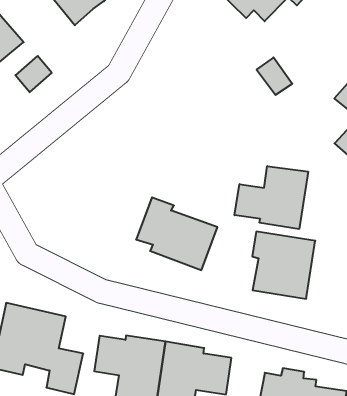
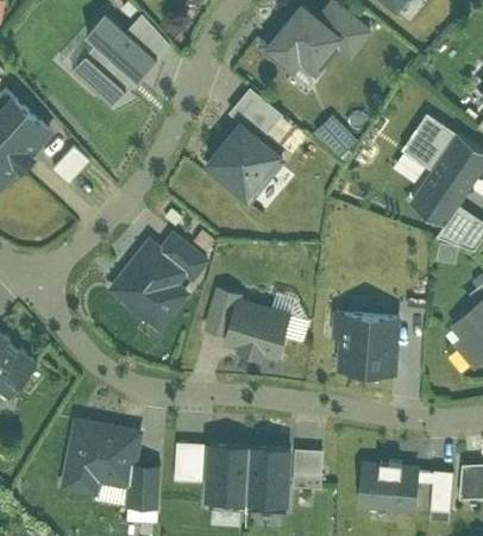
building: none -> [205,89,286,206]
building: none -> [107,235,211,335]
building: [235,166,308,229] -> none

